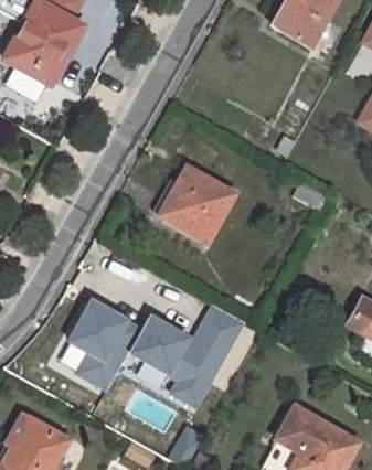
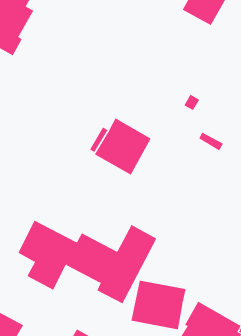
building: none -> [131,280,186,330]

